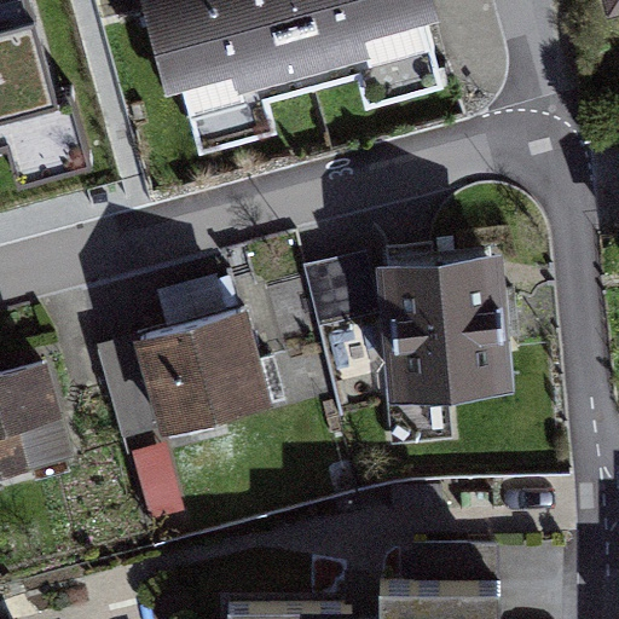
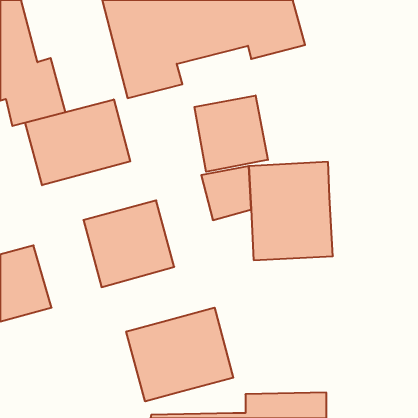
building: none -> [194,95,268,172]
building: none -> [25,99,130,185]
building: none -> [126,308,233,401]

